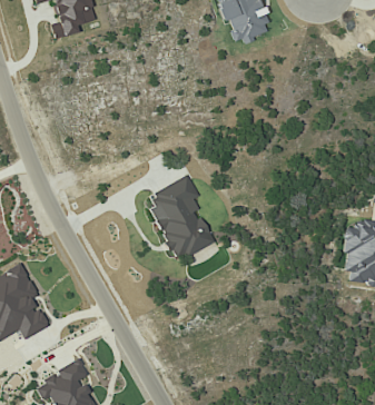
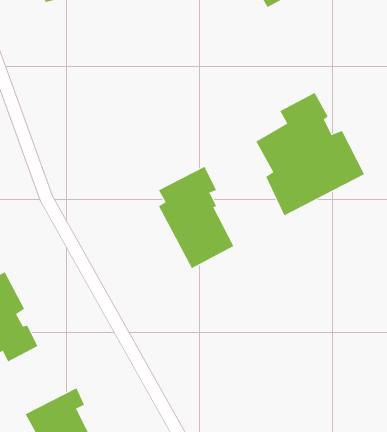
building: none -> [255,92,365,216]

